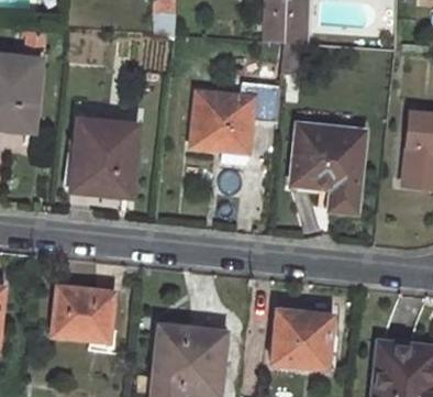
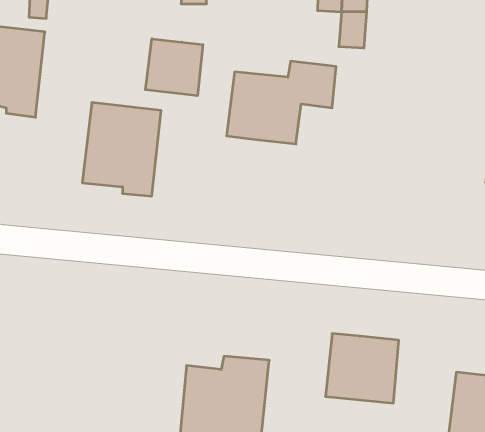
building: none -> [145,39,203,96]
building: [291,124,363,212] -> none
building: [51,286,112,341] -> none

